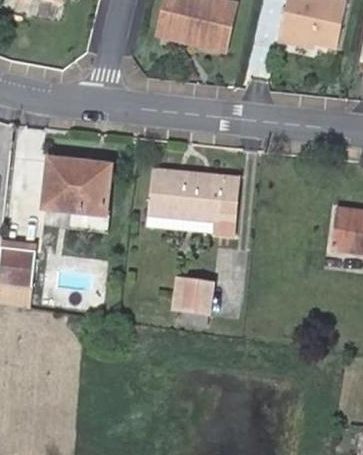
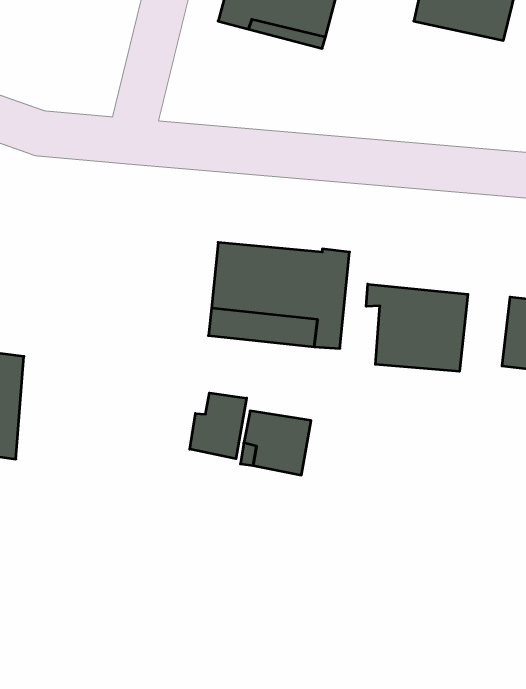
building: [44,158,112,215] -> none
building: none -> [366,284,468,371]
building: none -> [190,393,247,459]

